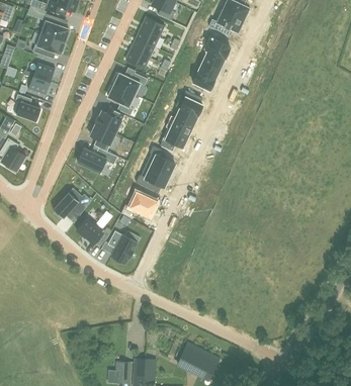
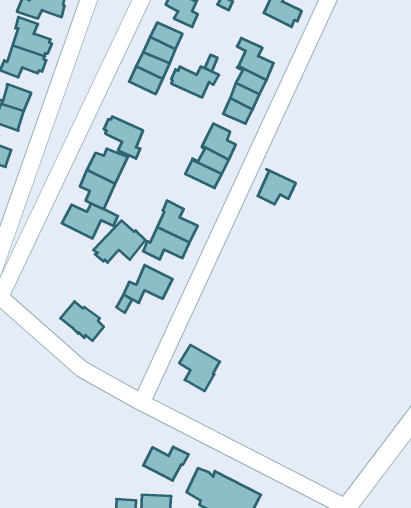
building: [208,9,243,32] -> none
building: [113,73,148,95] -> [171,67,219,97]
building: [160,126,187,152] -> [258,169,296,204]
building: [53,188,90,218] -> [93,221,145,263]
building: [107,230,137,264] -> [179,345,220,391]
building: none -> [143,447,189,481]

